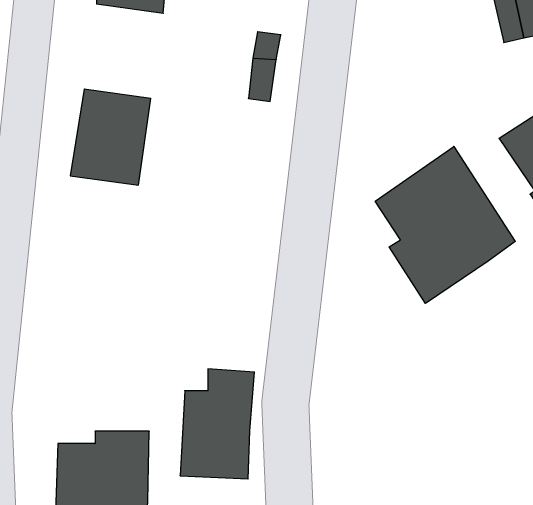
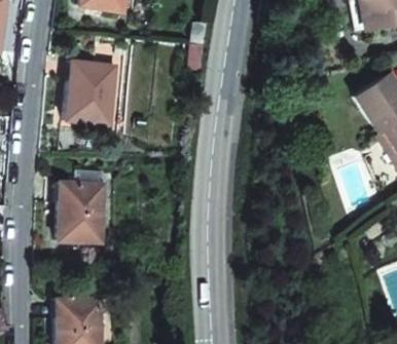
building: [375,146,515,303] -> none
building: [180,369,254,479] -> [60,171,109,244]

